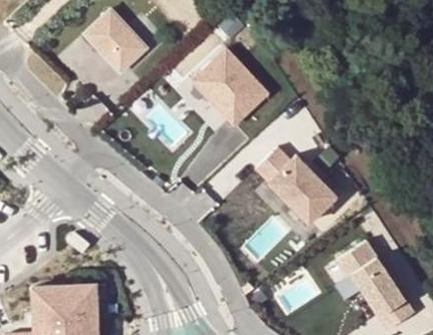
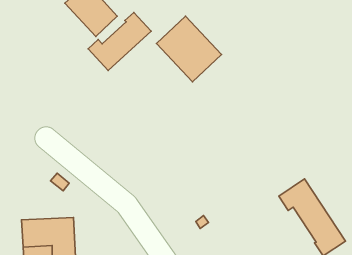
building: none -> [88,12,151,71]
building: [255,146,337,223] -> none

